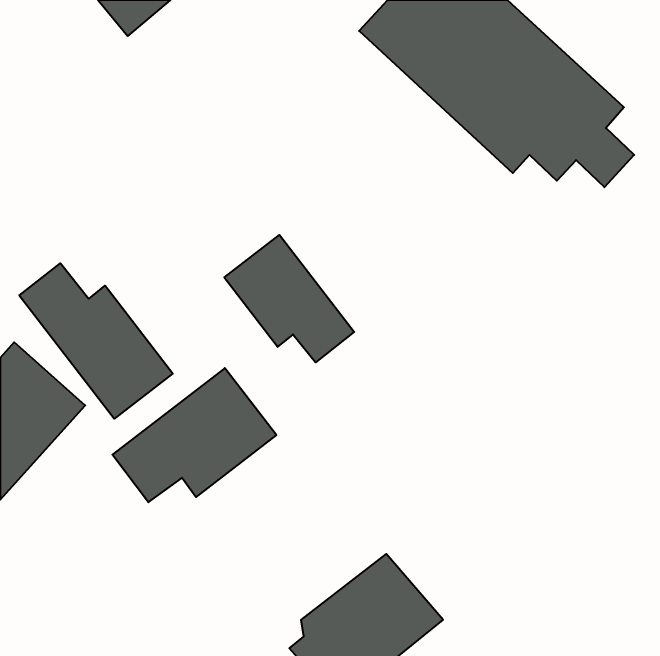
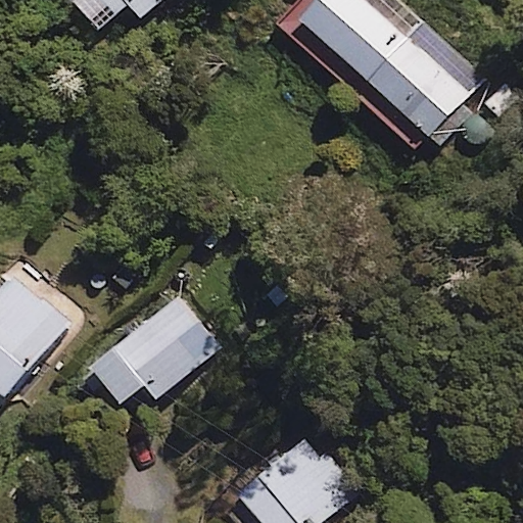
building: [224,235,354,362] -> none
building: [19,263,173,419] -> none

